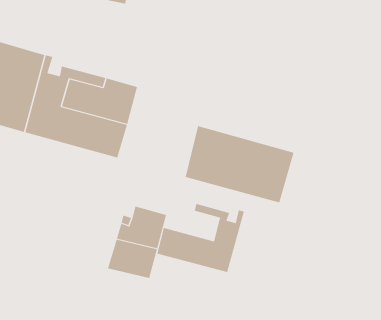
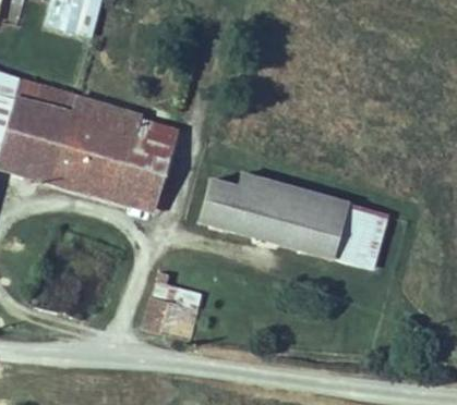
building: none -> [201,179,240,230]
building: none -> [334,204,388,268]
building: [157,203,244,273] -> none

